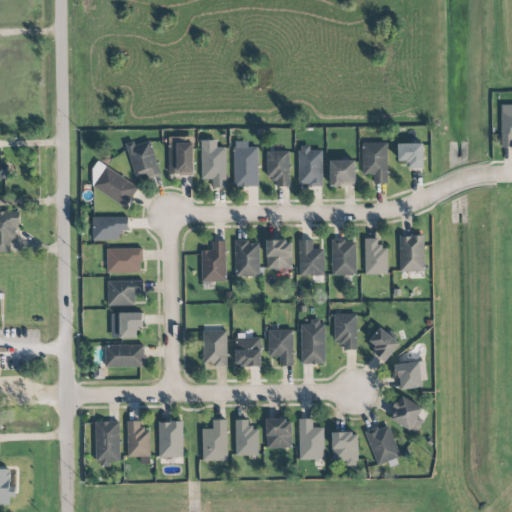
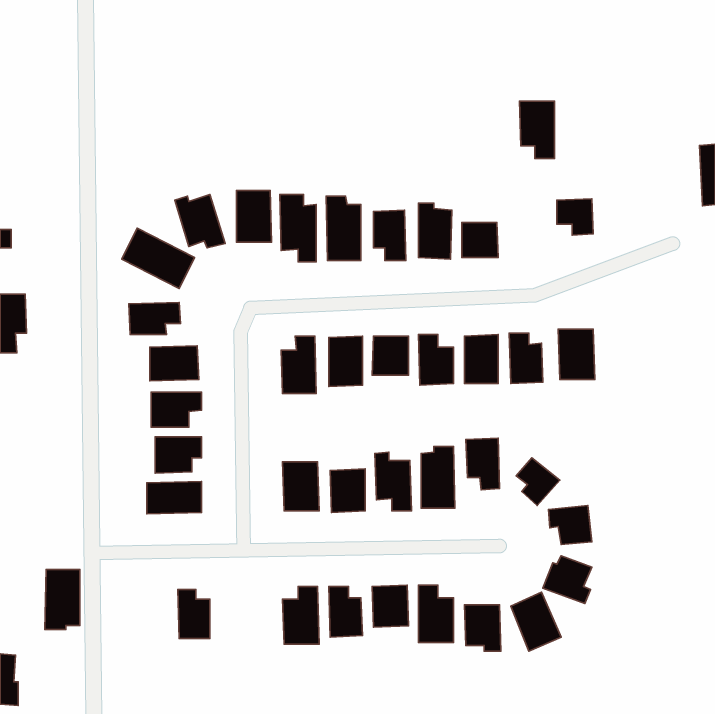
building: [362,142,387,183] -> [520,101,554,159]
building: [95,421,120,464] -> [45,569,80,630]
building: [159,421,183,457] -> none

